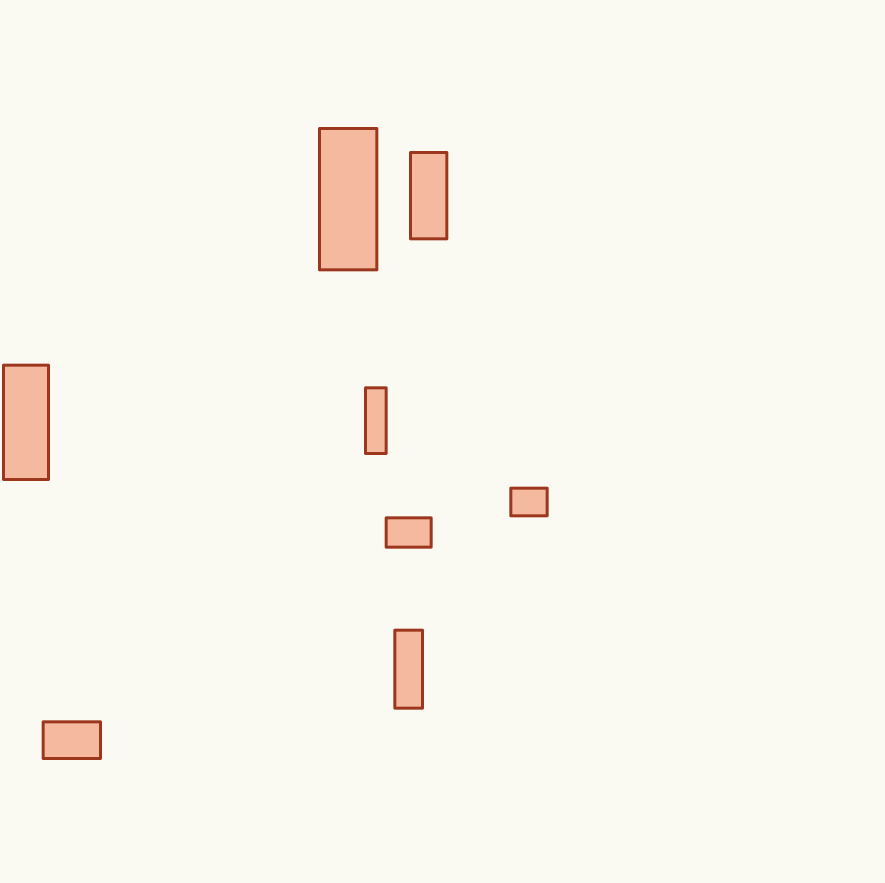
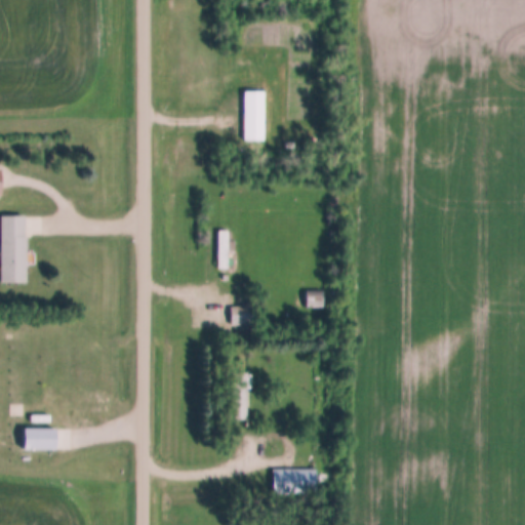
building: [320,128,377,270] -> none
building: none -> [274,469,318,493]

